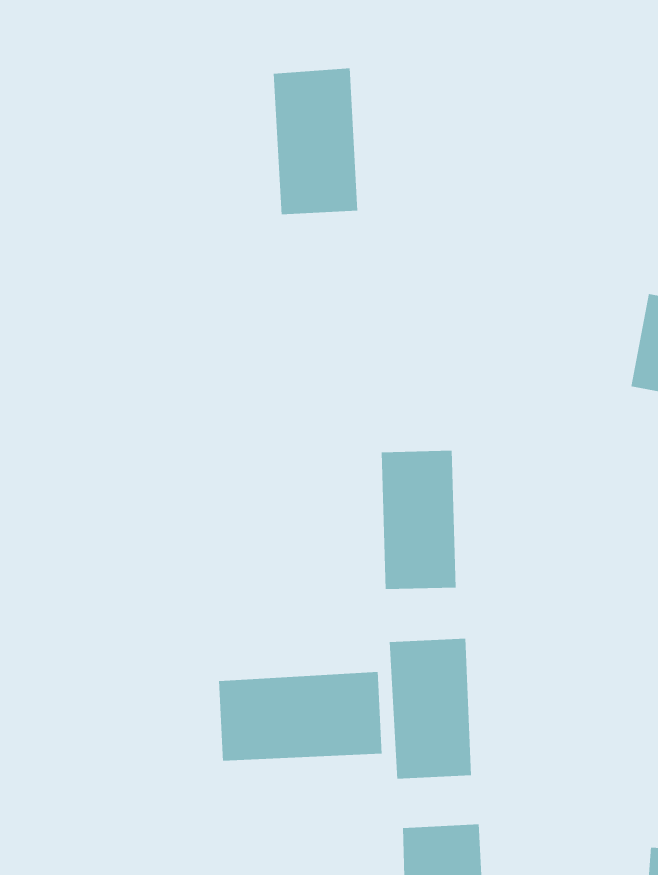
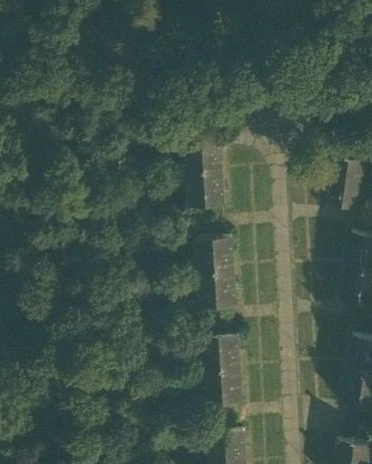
building: [273,68,358,215] -> [184,133,229,209]
building: [219,671,382,761] -> none

